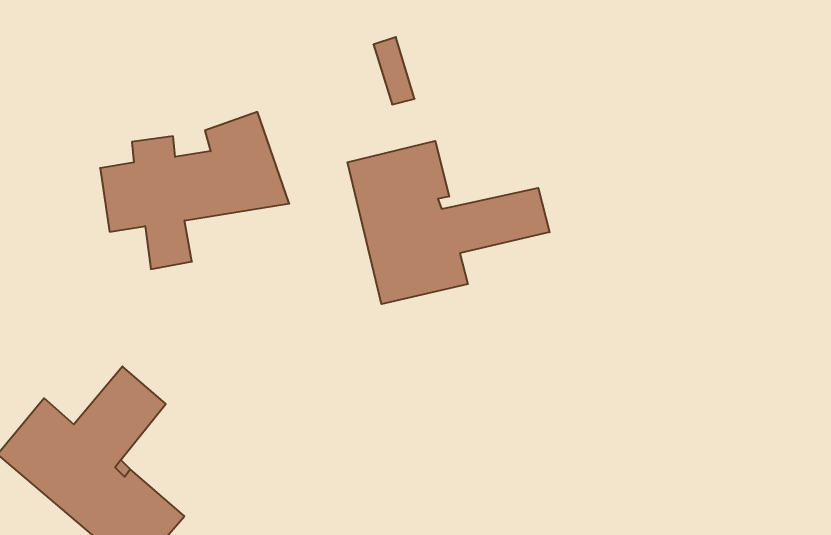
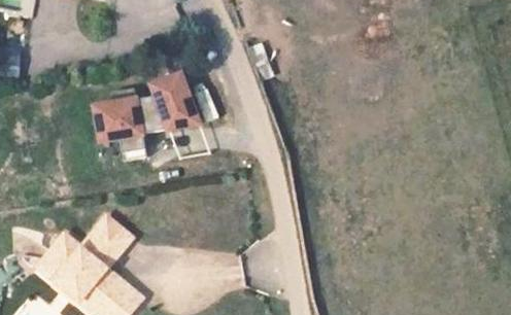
building: [347,141,550,304] -> none

